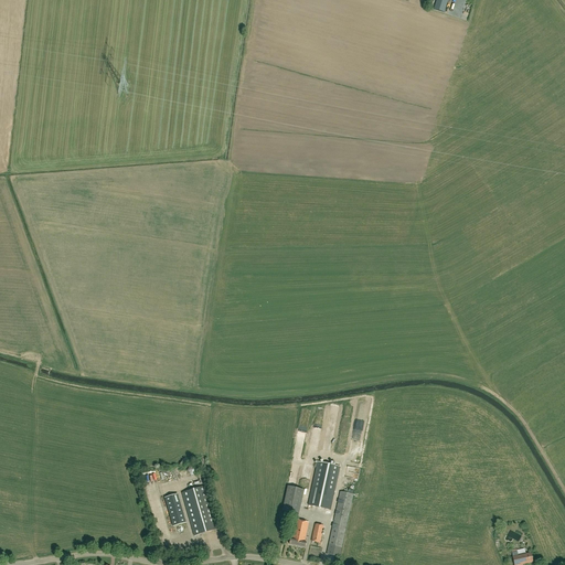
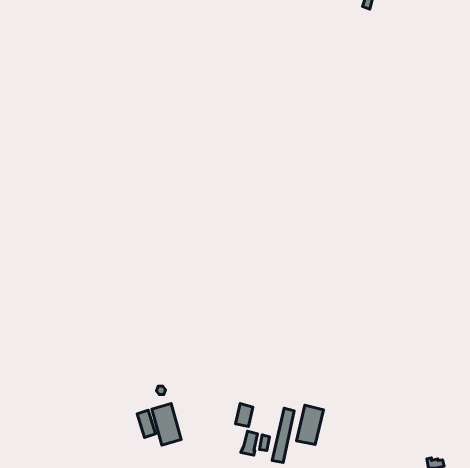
building: [308,460,340,508] -> [297,405,323,445]

